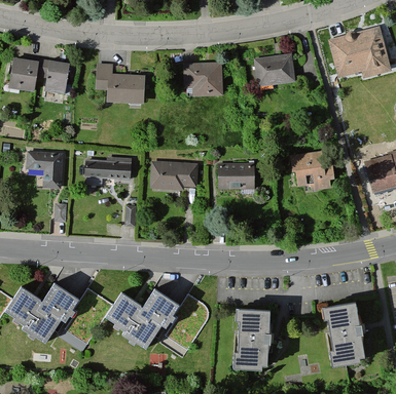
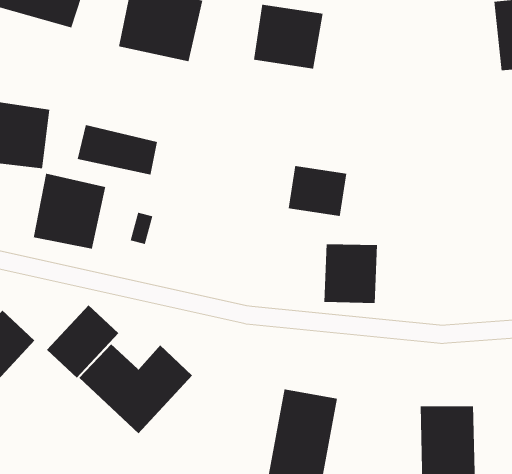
building: [257,55,298,90] -> none
building: [293,154,330,195] -> [324,244,378,303]
building: [151,161,197,193] -> none
building: none -> [33,173,106,250]
building: none -> [46,305,119,378]

